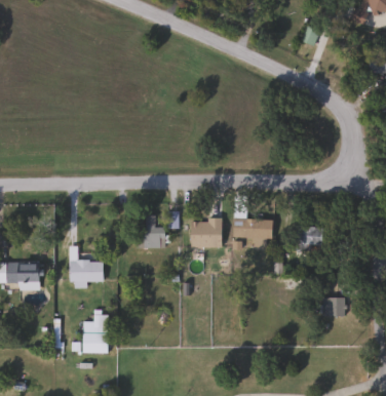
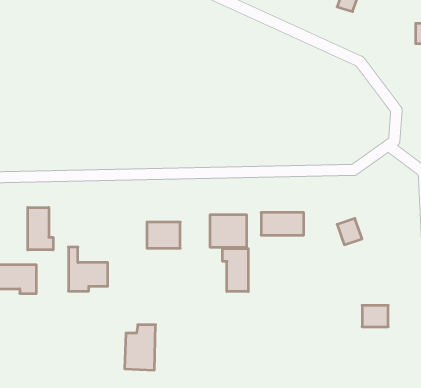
building: none -> [28,207,53,250]
building: none -> [223,249,248,292]
building: [82,314,109,353] -> [125,325,156,370]

